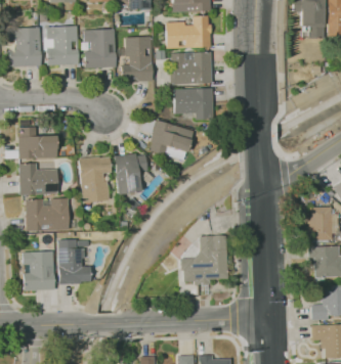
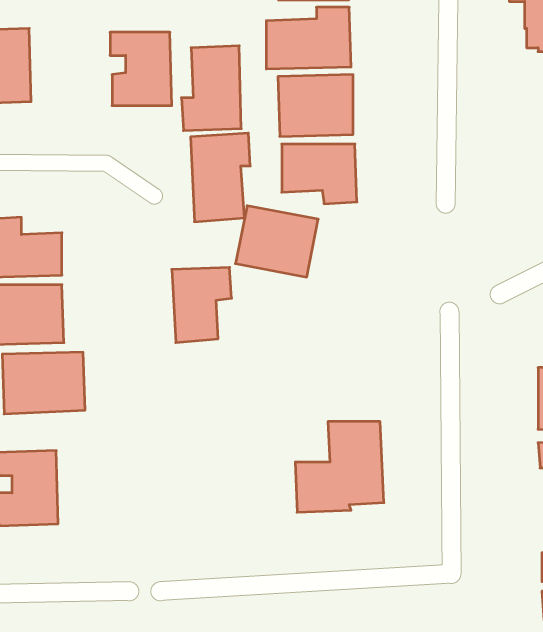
building: [44,26,77,65] -> none
building: [79,155,111,202] -> [191,133,250,222]
building: [57,239,90,283] -> none

